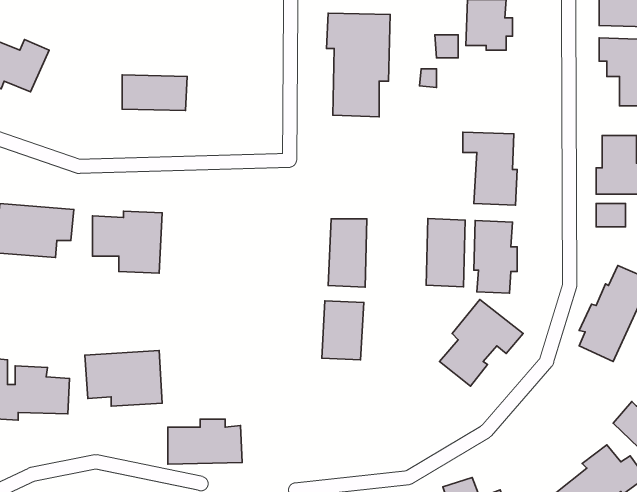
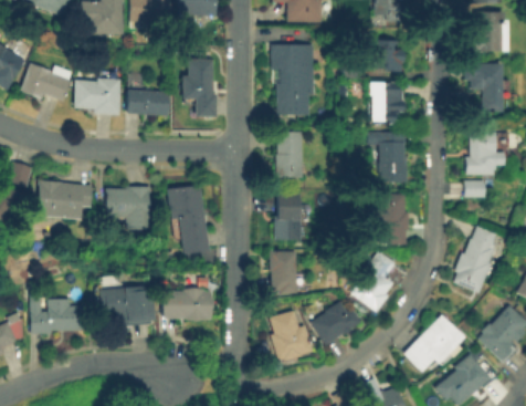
building: none -> [181,58,218,117]
building: none -> [74,77,120,115]
building: none -> [366,80,404,124]
building: none -> [168,186,210,254]
building: [426,219,465,287] -> [274,132,302,180]
building: none -> [312,300,361,344]
building: none -> [267,310,314,361]
building: none -> [401,315,462,372]
building: [168,419,242,464] -> [161,288,214,320]

